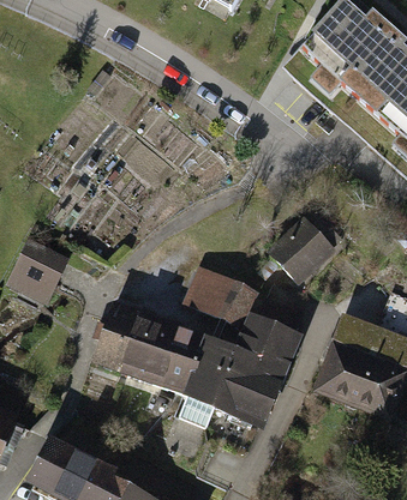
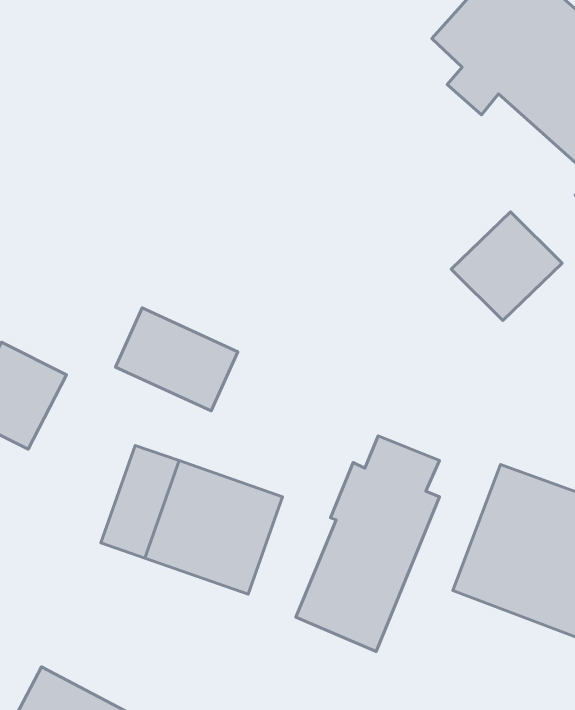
building: [267,216,336,284] -> [451,212,562,321]
building: [181,263,258,327] -> [116,308,238,411]
building: [182,332,239,408] -> none

